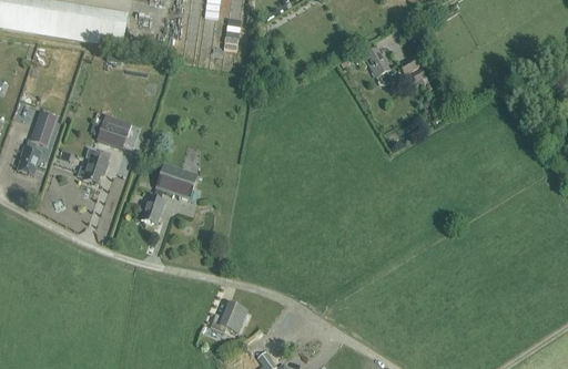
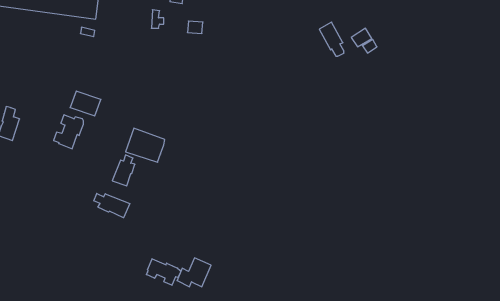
building: [31,111,58,146] -> none
building: none -> [94,193,130,218]
building: none -> [146,259,181,285]

